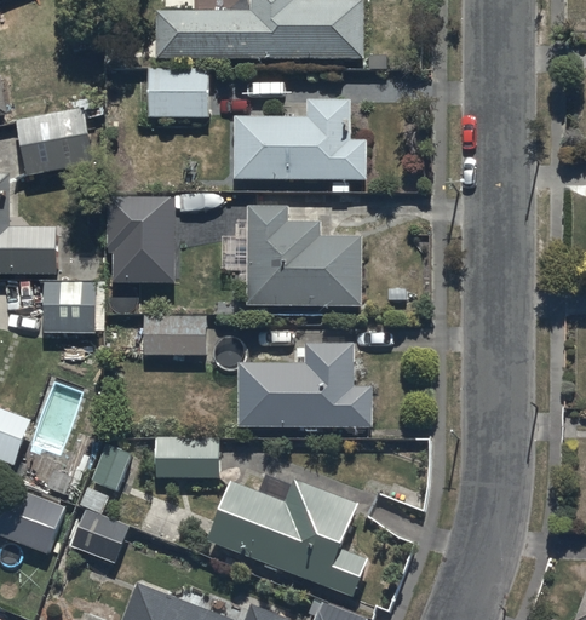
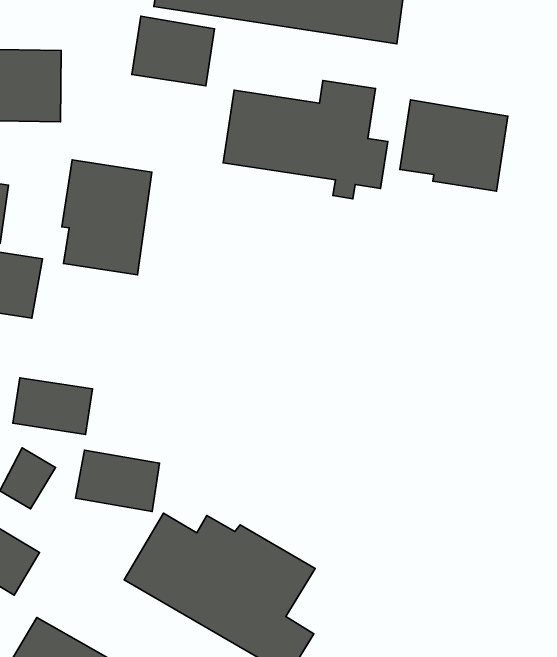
building: none -> [400,100,508,191]
building: [246,206,362,306] -> none
building: [143,317,205,356] -> [13,378,92,434]
building: [236,343,372,426] -> none

